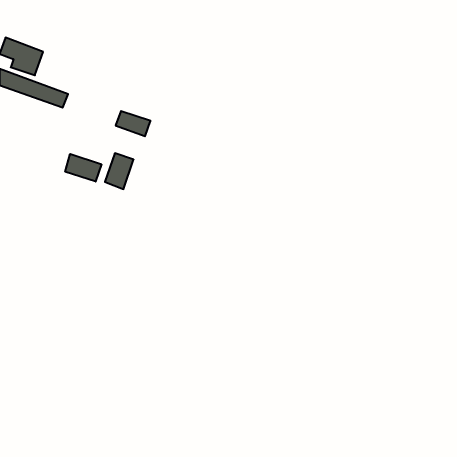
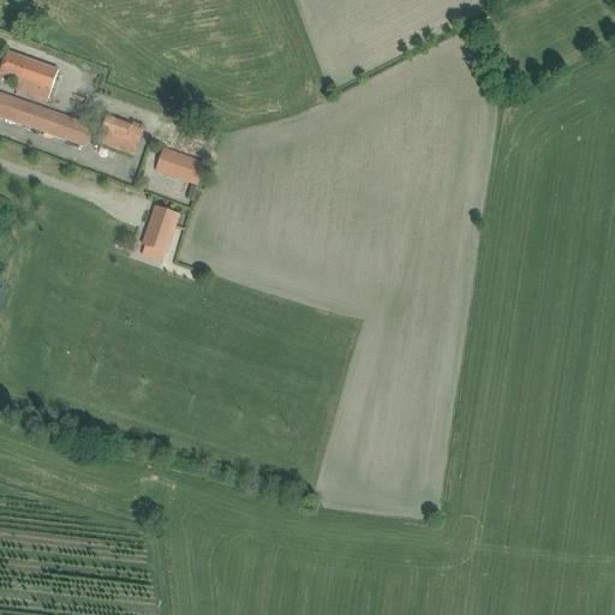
building: none -> [96,115,142,153]
building: [65,154,101,182] -> none

